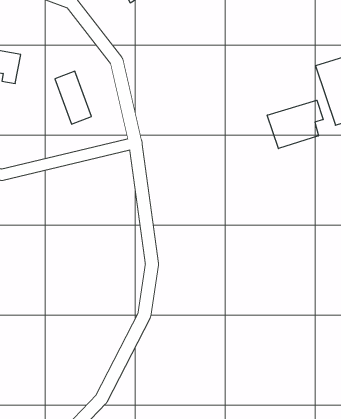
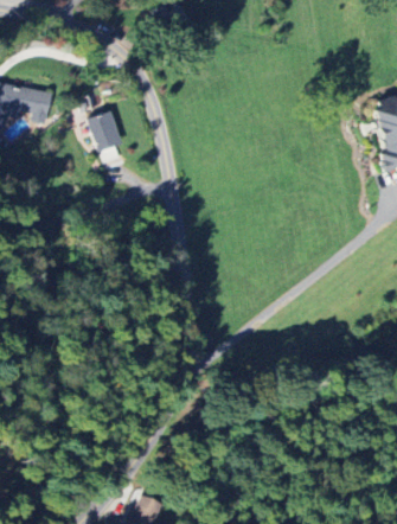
building: [267,100,323,149] -> none

